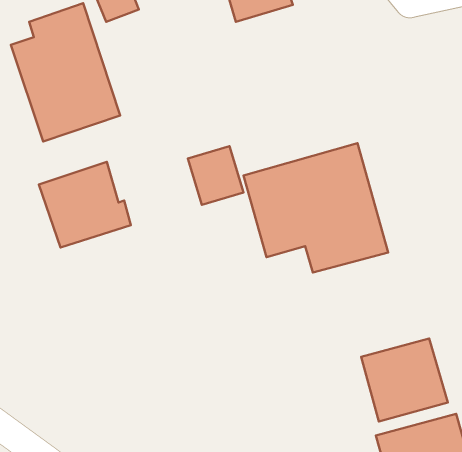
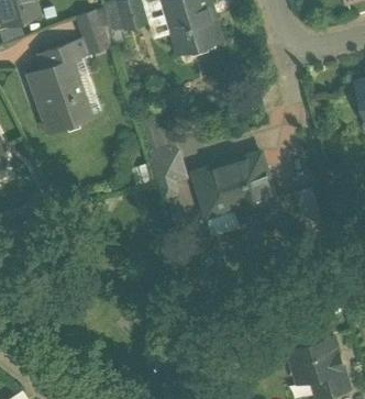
building: [39,162,131,248] -> none
building: [361,338,448,422] -> none

